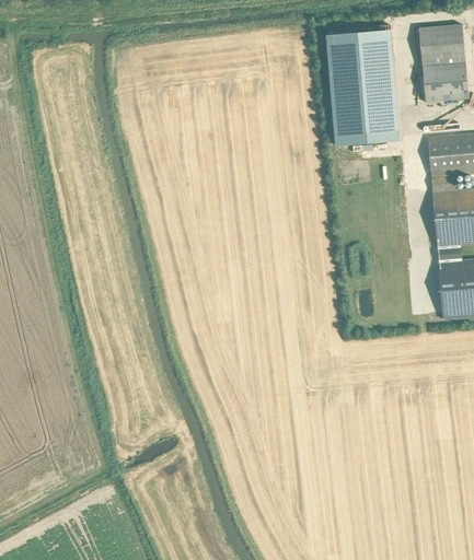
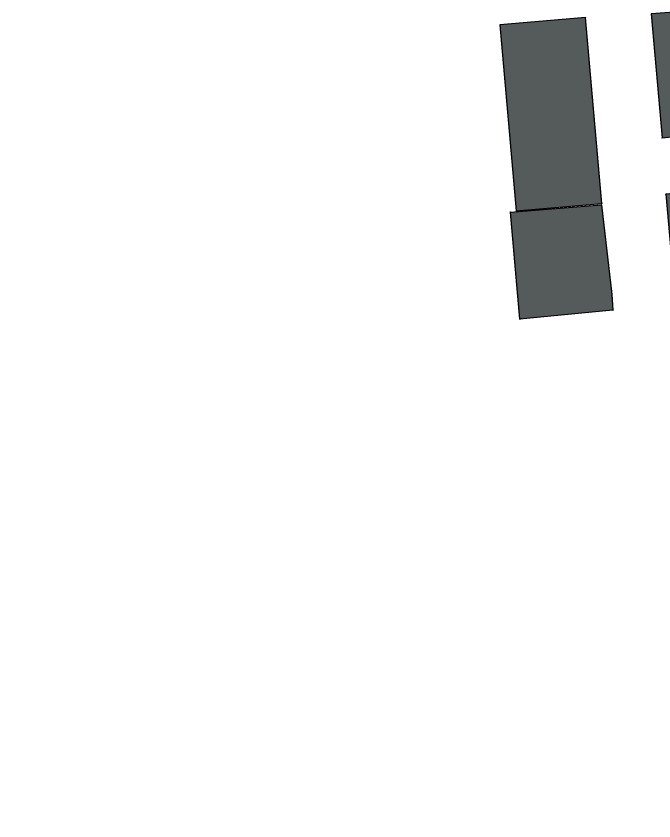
building: none -> [510,205,613,319]

